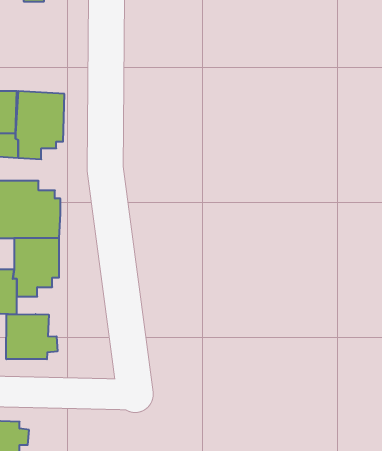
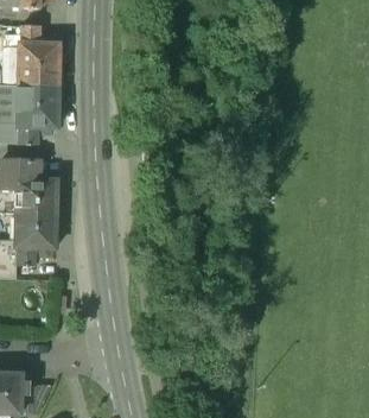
building: none -> [19,24,59,86]
building: [6,314,57,359] -> none

